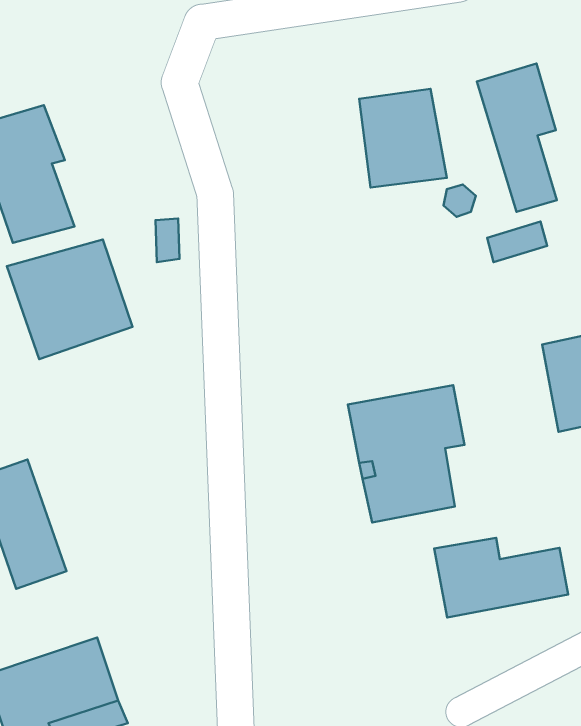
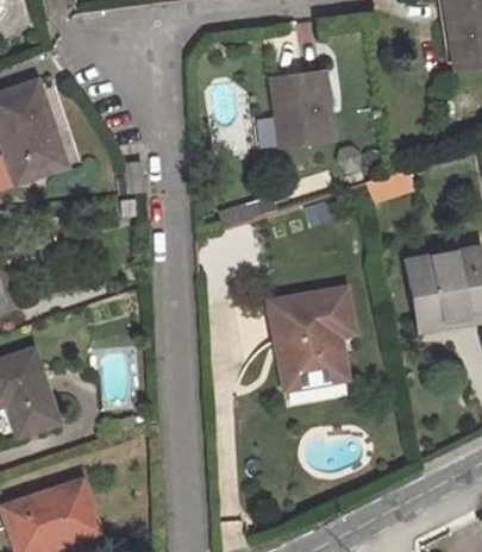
building: [477,63,557,212] -> none
building: [7,240,132,359] -> none
building: [434,538,568,617] -> none

